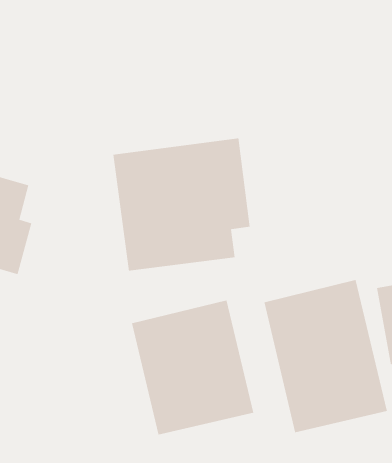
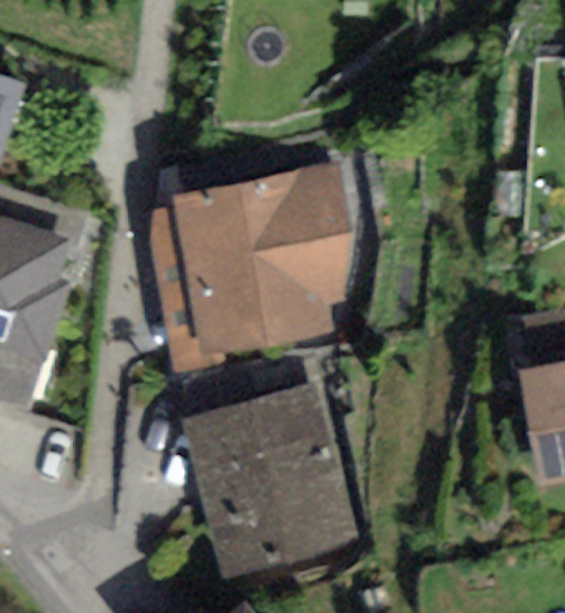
building: [264,279,387,433] -> none

